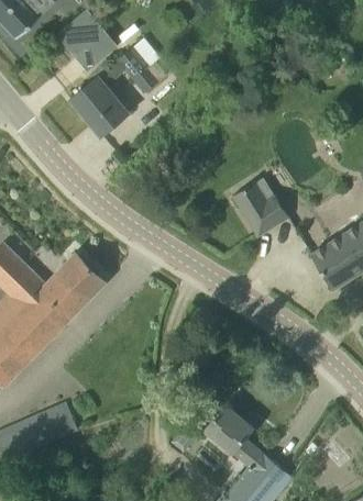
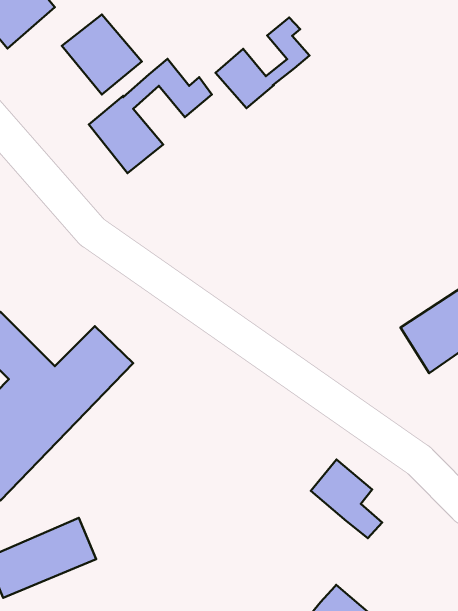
building: none -> [215,17,309,108]
building: [233,182,289,236] -> none
building: [206,405,261,466] -> [311,460,382,538]

